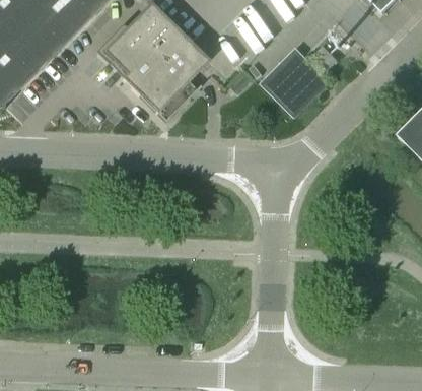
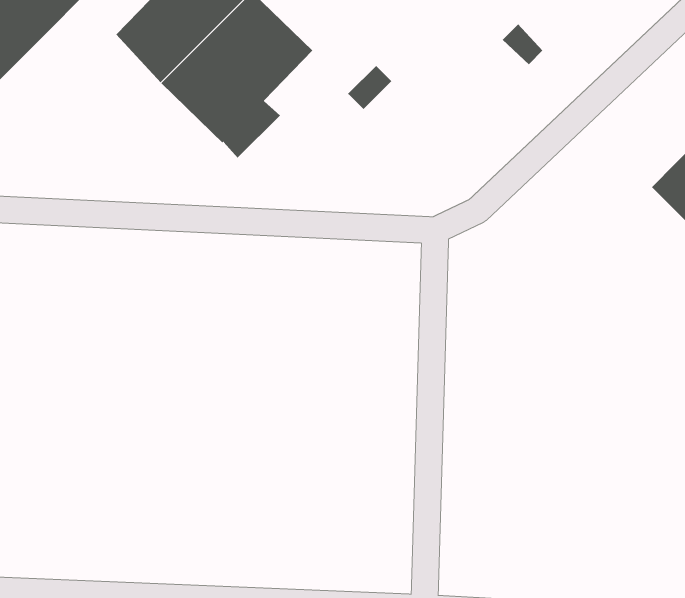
building: [259,45,330,116] -> none

